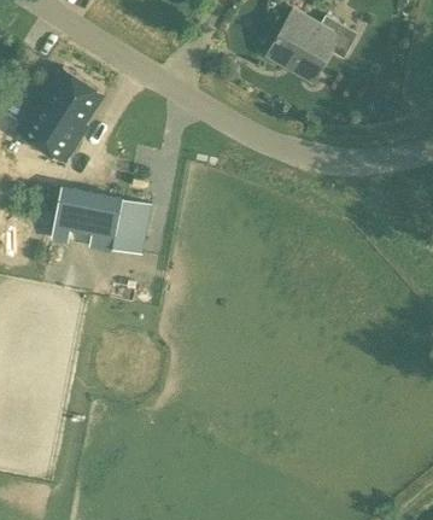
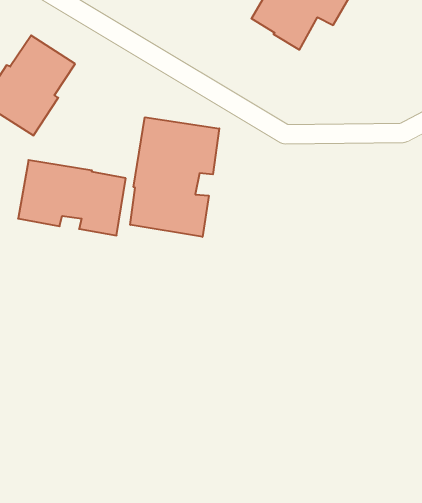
building: none -> [130,117,219,237]

